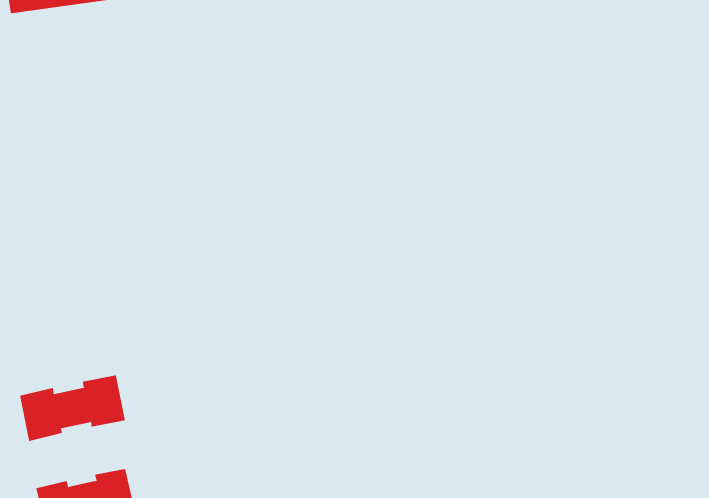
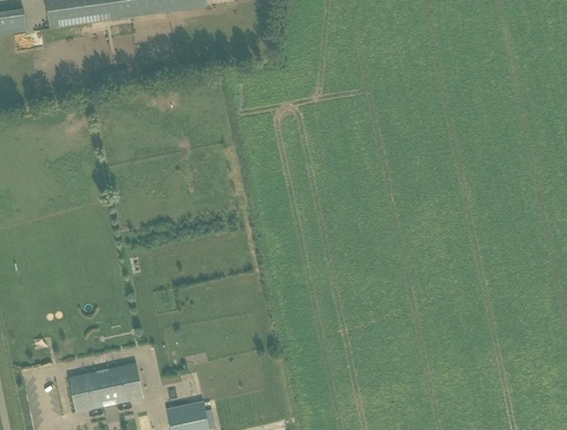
building: [20,374,125,442] -> none

